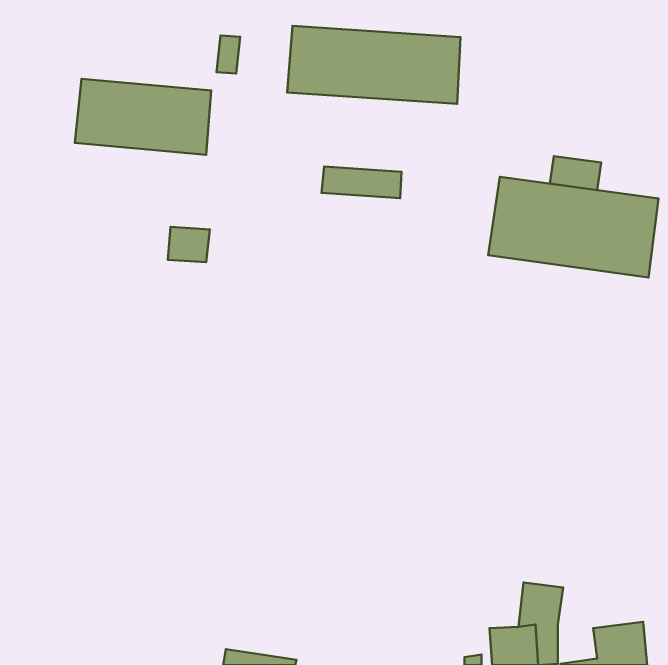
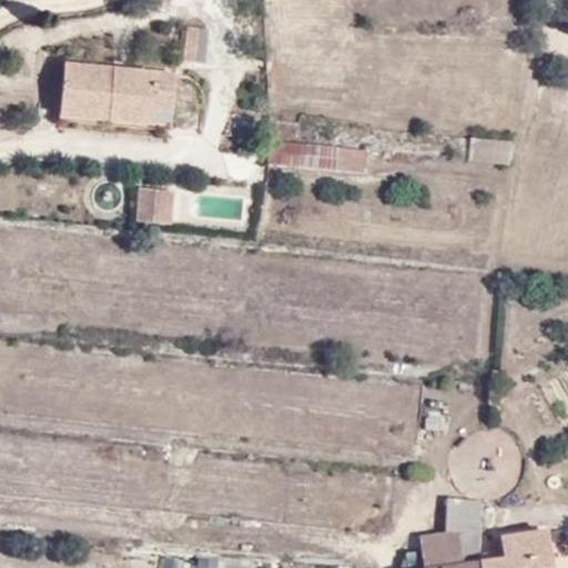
building: [287,26,461,104] -> none
building: [488,177,658,277] -> none

